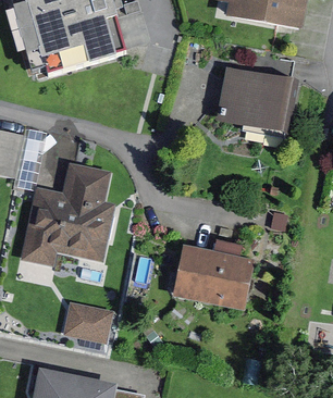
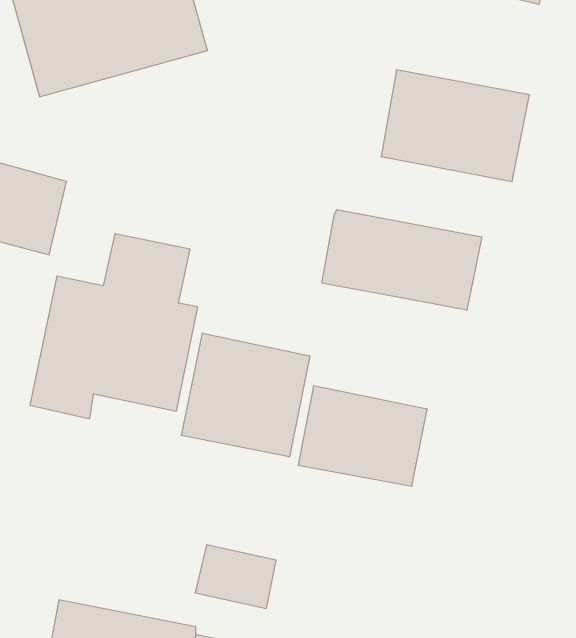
building: none -> [322,210,482,310]
building: none -> [182,333,310,457]
building: [60,302,106,338] -> [195,545,276,608]

